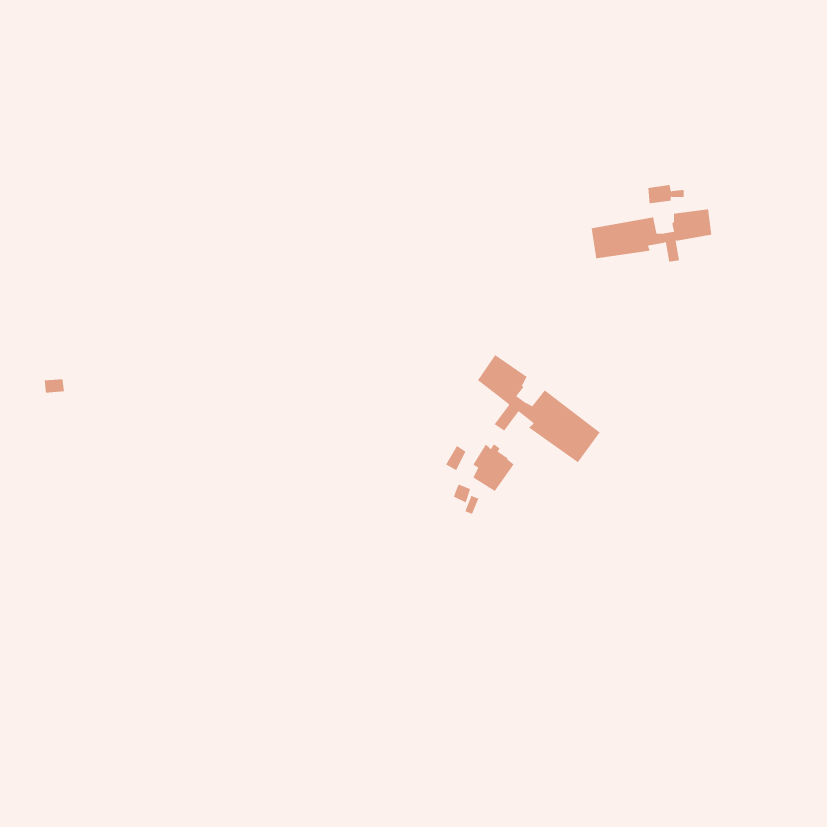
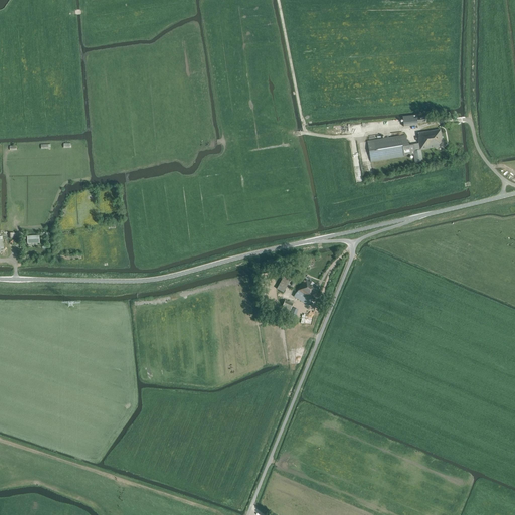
building: [477,354,600,463] -> none

